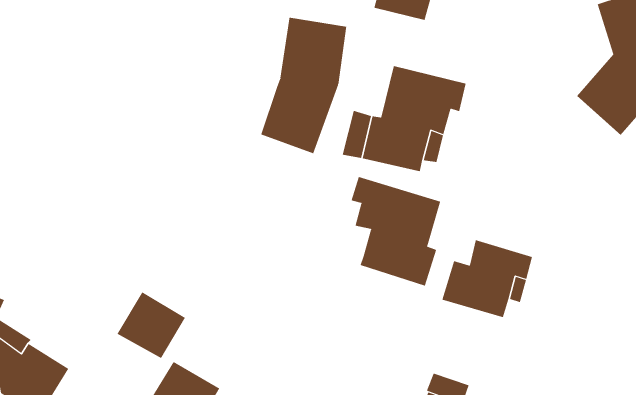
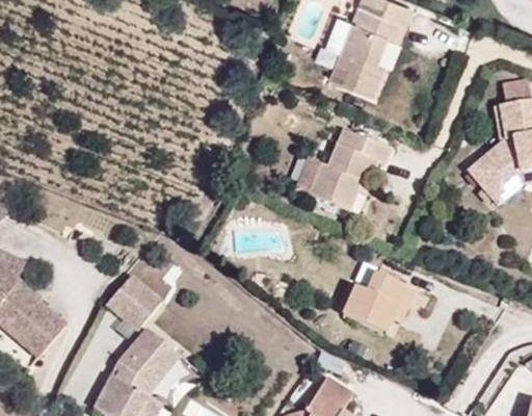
building: [260,17,347,154] -> none
building: [351,176,441,286] -> none

